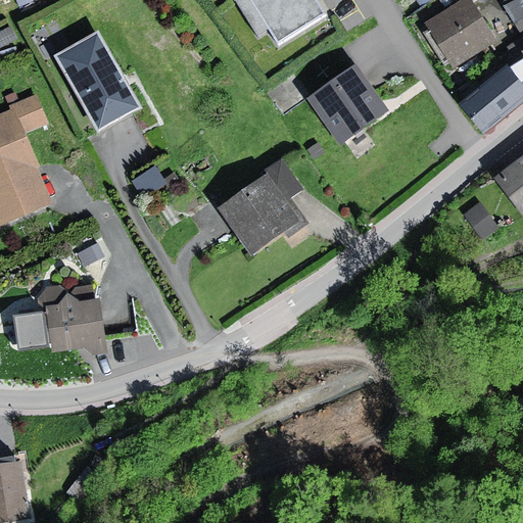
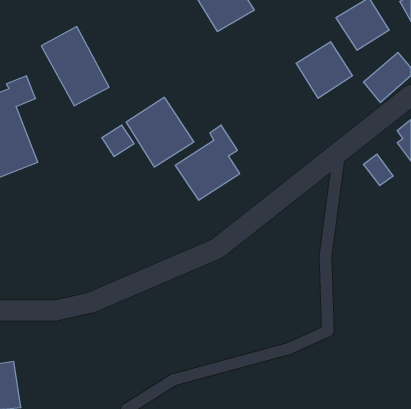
building: [311,68,382,140] -> [296,42,353,98]
building: none -> [126,97,194,167]
building: [16,288,99,352] -> none

